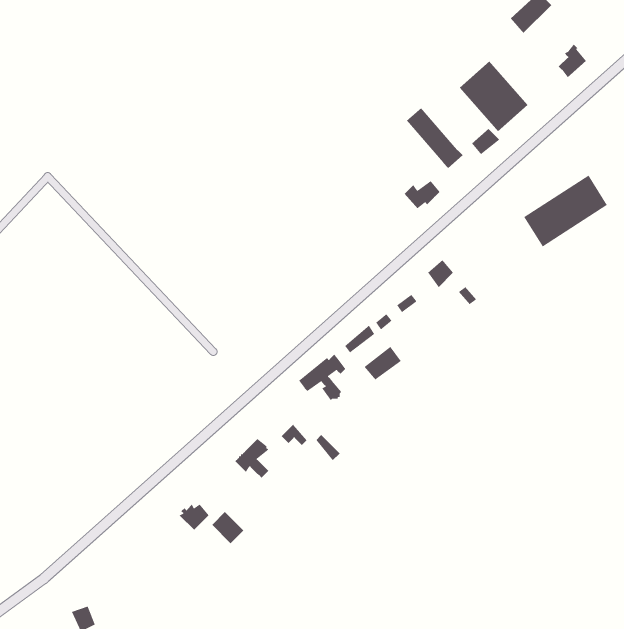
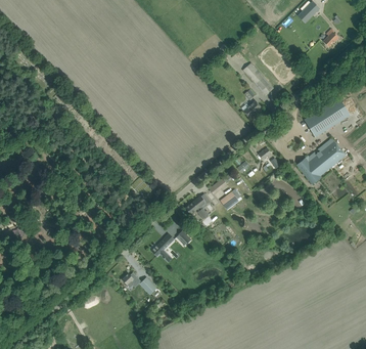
building: [459,60,528,132] -> none
building: none -> [295,138,341,180]

